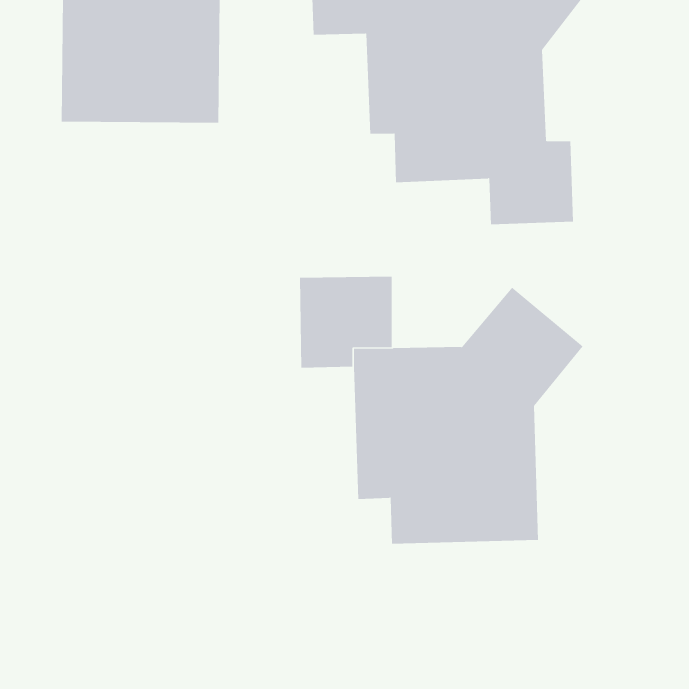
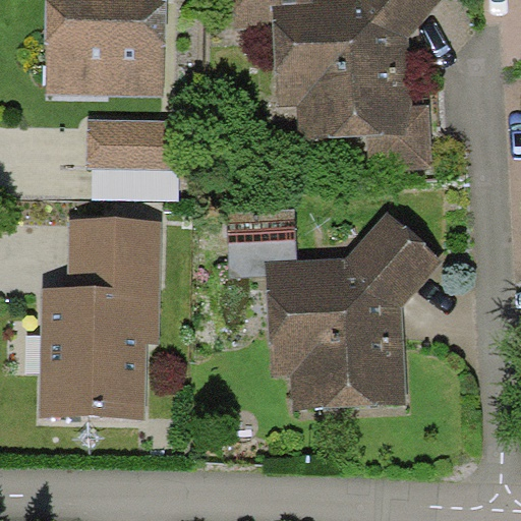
building: none -> [88,120,176,172]
building: none -> [40,224,161,414]

